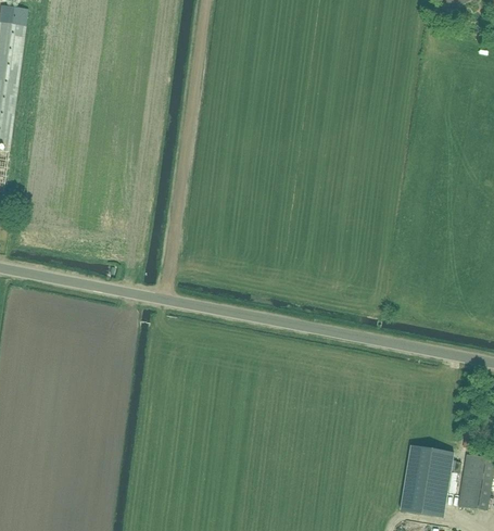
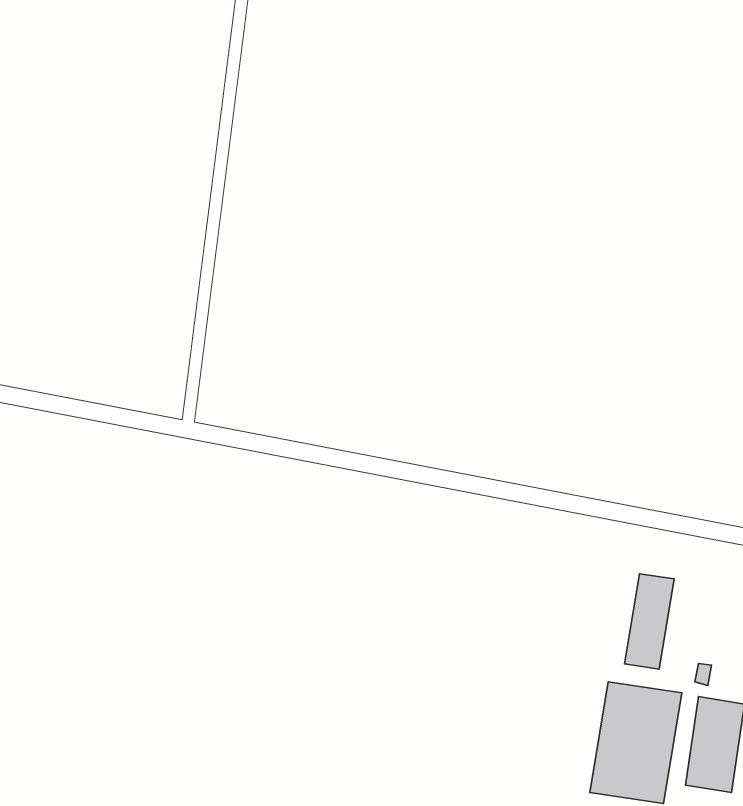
building: none -> [624,574,674,669]

